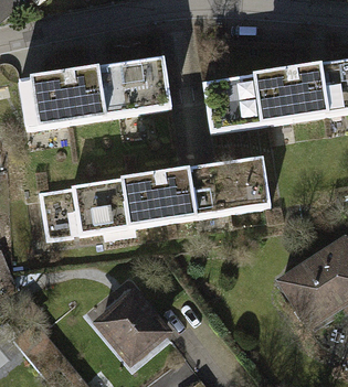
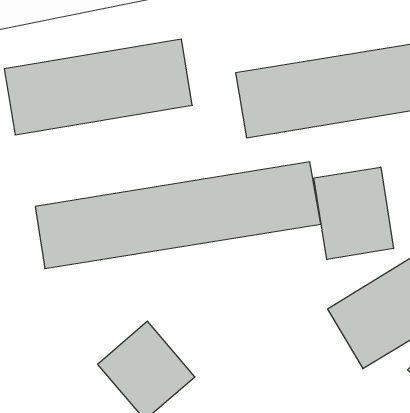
building: none -> [314,167,394,260]

